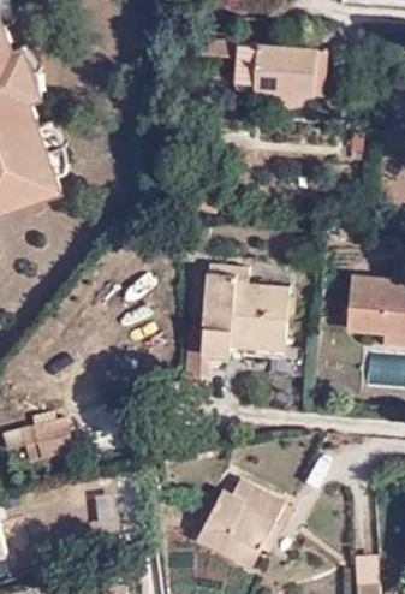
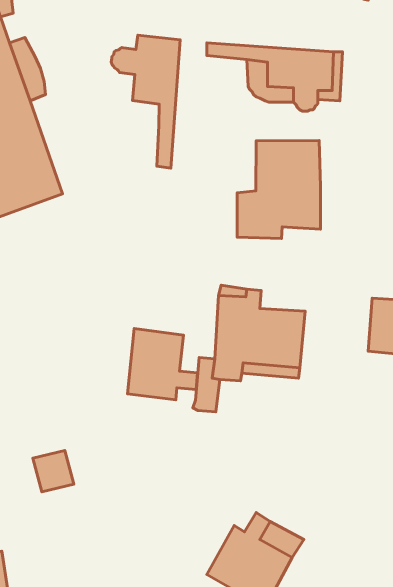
building: none -> [111,35,180,168]
building: none -> [237,140,320,239]
building: none -> [127,329,197,400]

